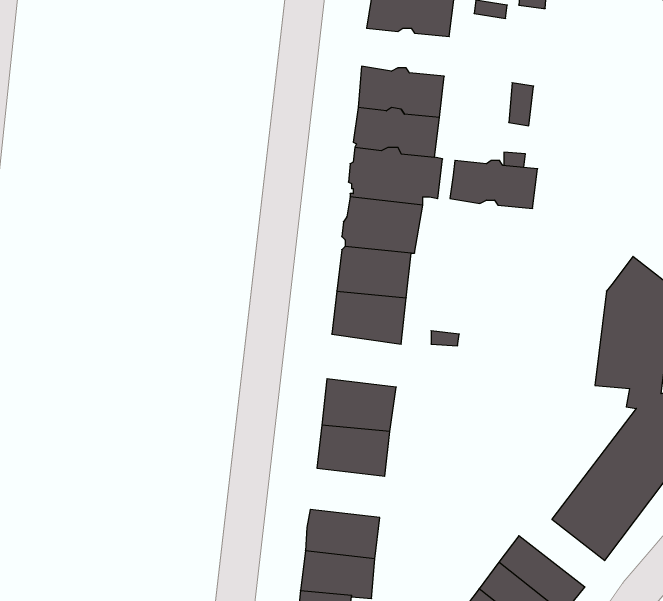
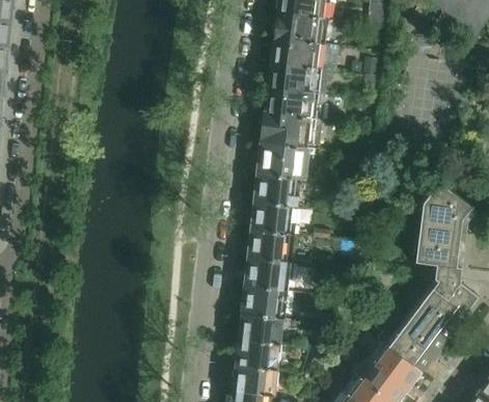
building: [450,160,538,208] -> [269,37,324,68]
building: none -> [247,230,294,263]
building: none -> [237,314,283,345]
building: none -> [368,340,422,388]

